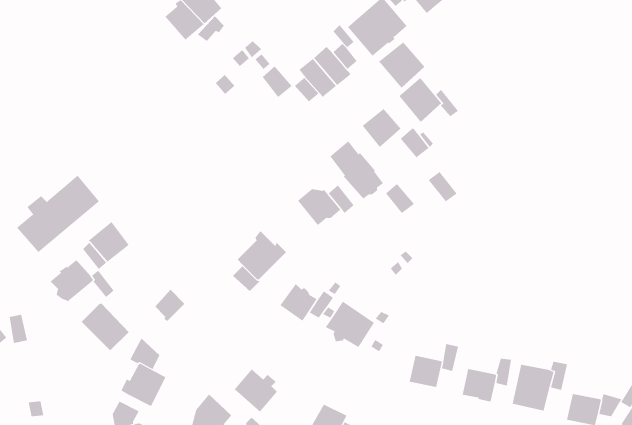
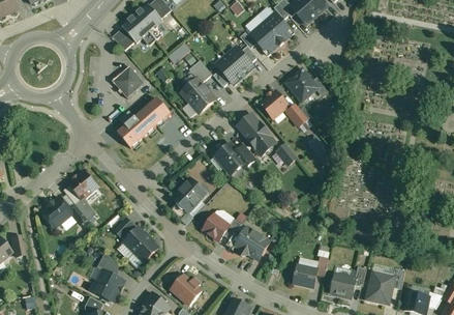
building: [378,41,425,89] -> none
building: none -> [116,65,145,97]
building: none -> [182,78,215,112]
building: [16,175,100,253] -> [112,95,171,150]
building: [81,303,129,351] -> [124,227,158,261]

